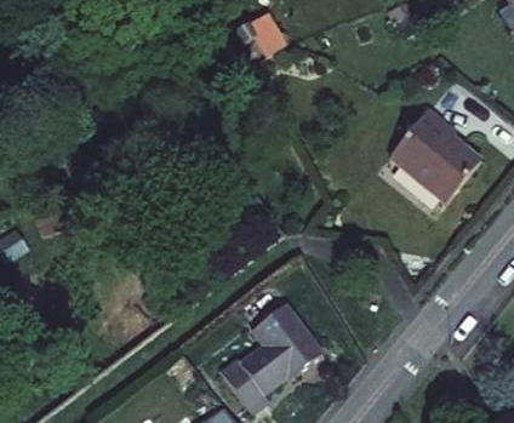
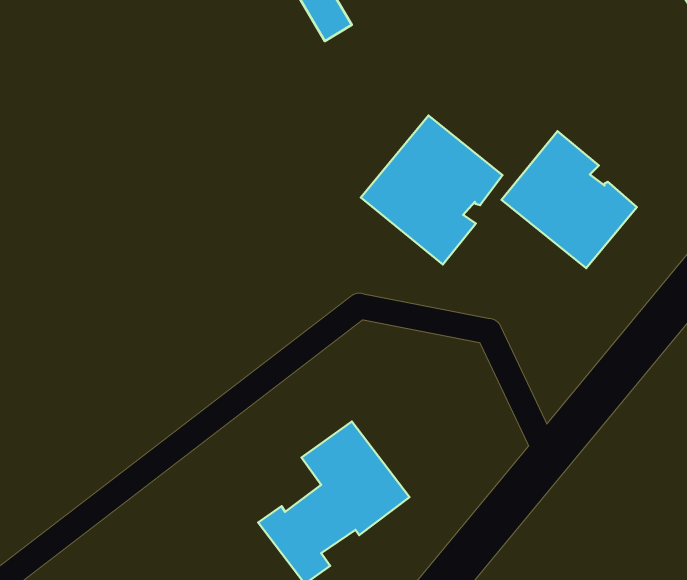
building: none -> [361,115,502,264]

